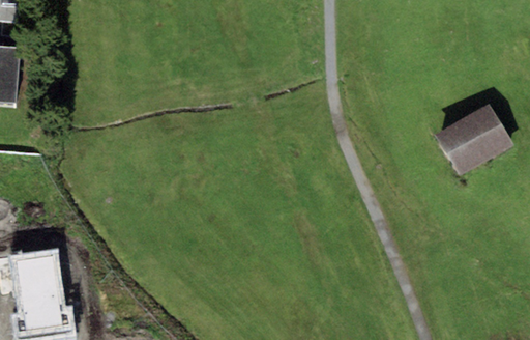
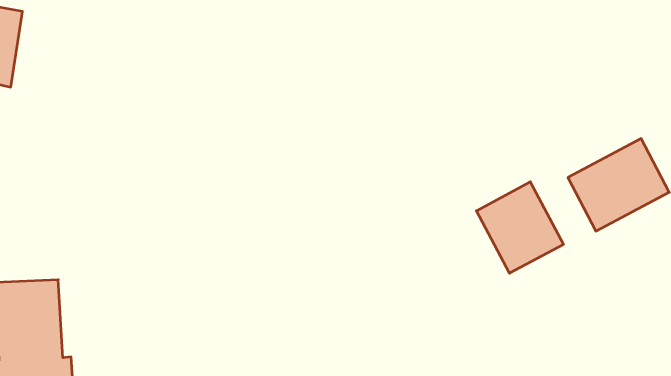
building: none -> [476,182,563,273]

